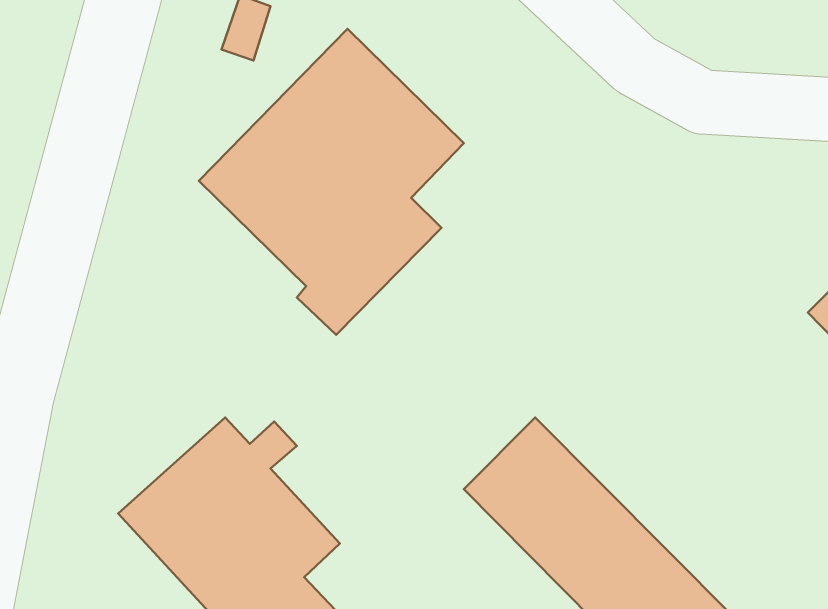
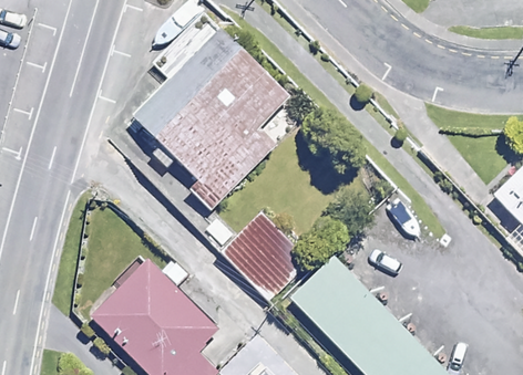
building: none -> [223,213,308,299]

